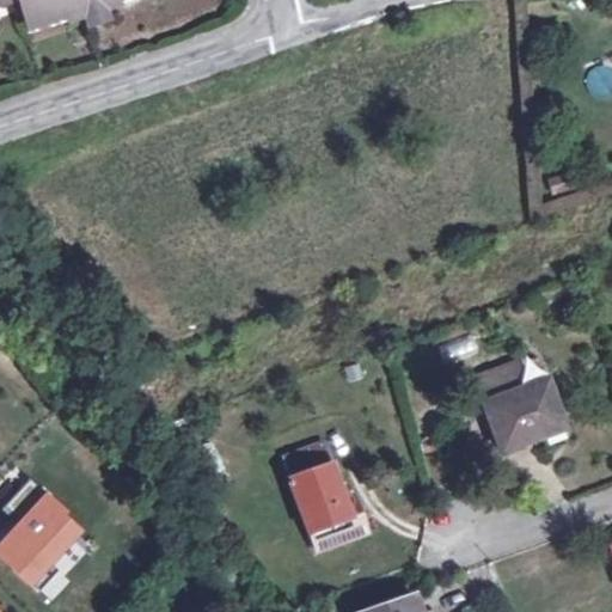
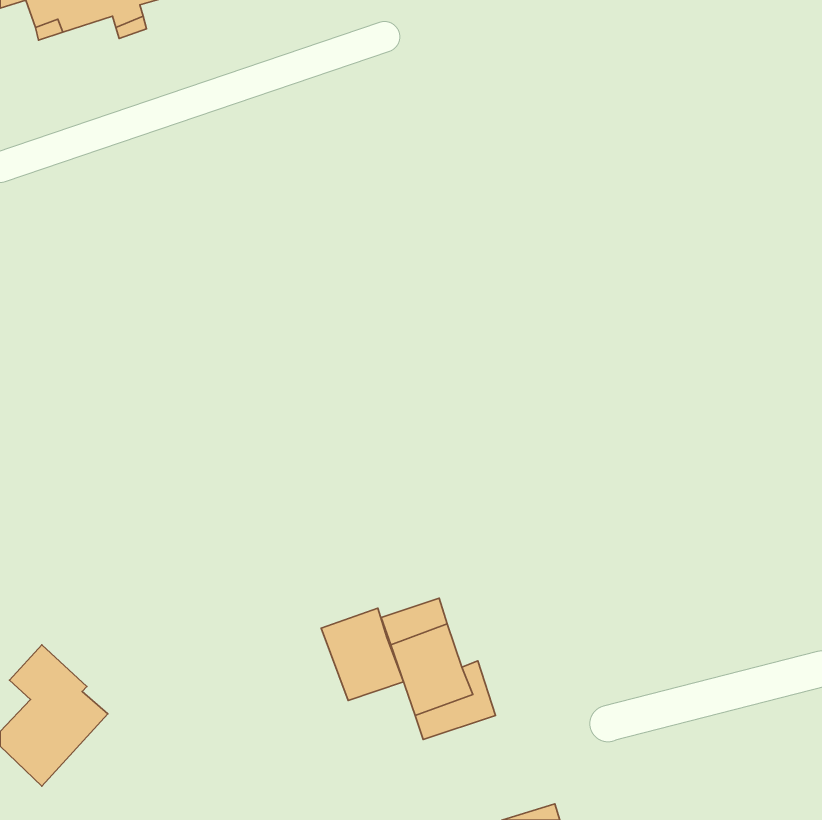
building: [479,362,565,449] -> none
building: none -> [321,608,404,701]

